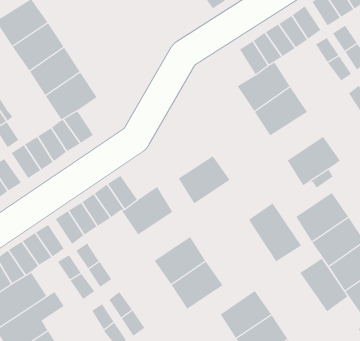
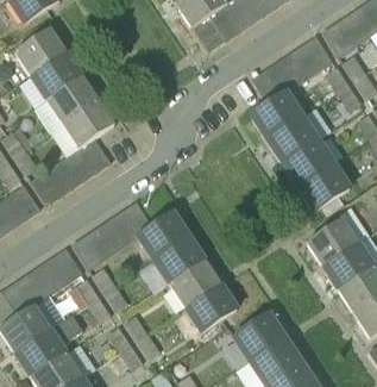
building: none -> [282,139,334,187]
building: [178,155,230,204] -> [153,237,205,285]
building: [248,203,302,262] -> none
building: [300,258,348,312] -> none

